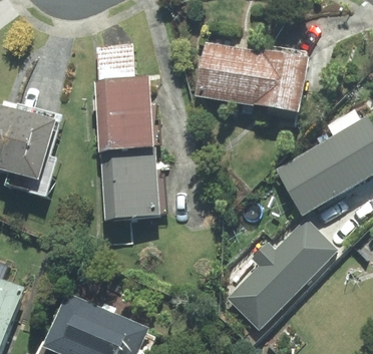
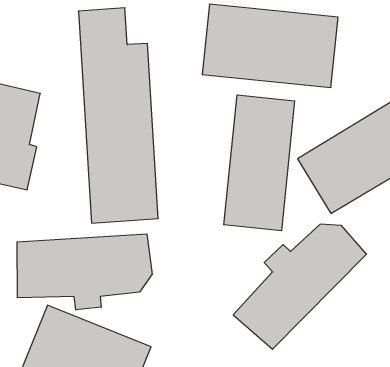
building: none -> [224,95,295,231]
building: none -> [17,234,152,310]

